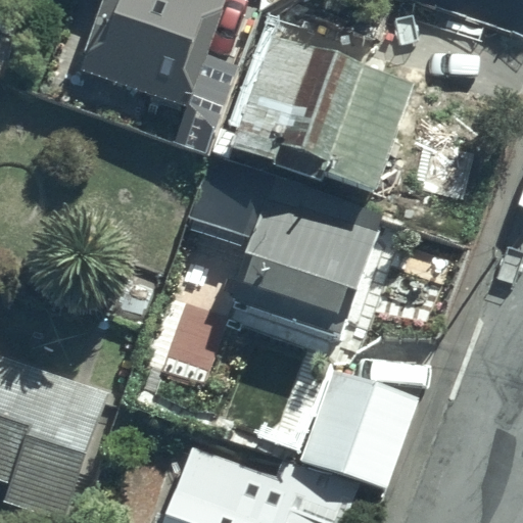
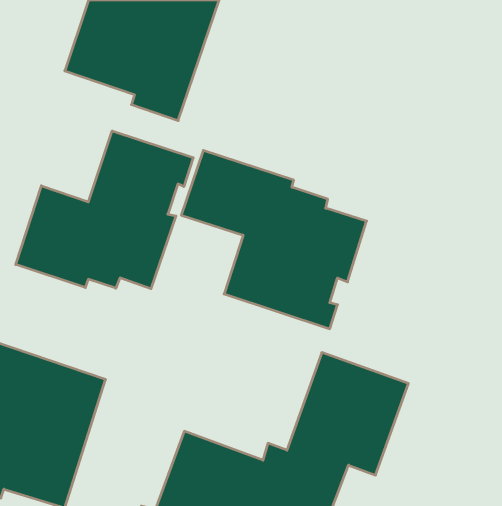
building: [210,38,414,196] -> none
building: none -> [16,131,193,289]

